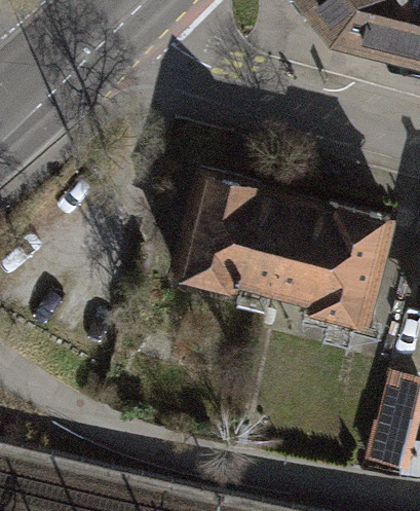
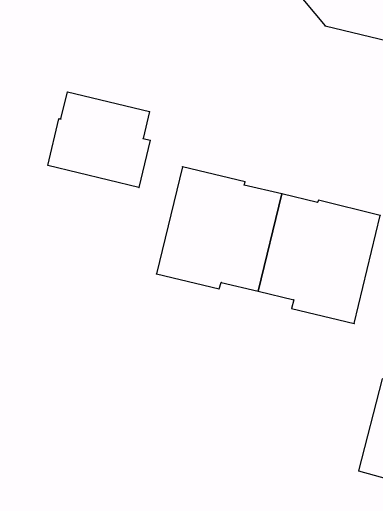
building: none -> [48,92,150,188]

